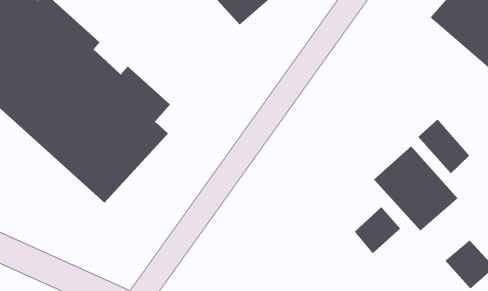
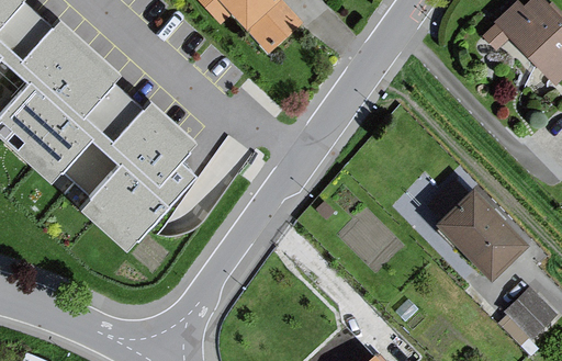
building: [418,118,470,174] -> none
building: [354,206,401,254] -> none

